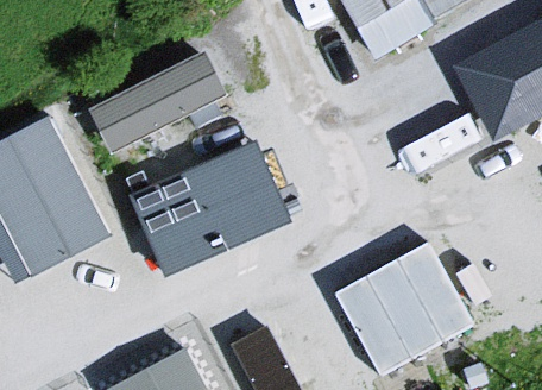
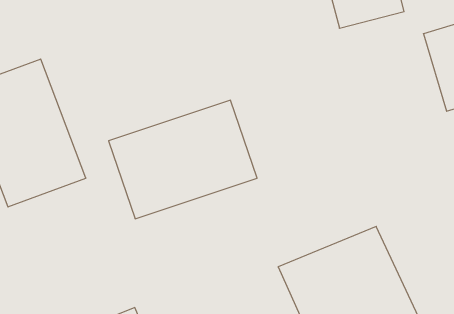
building: [92,48,229,152] -> none

